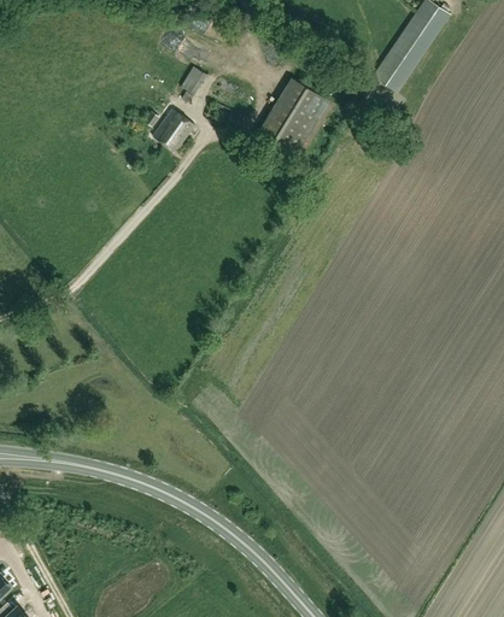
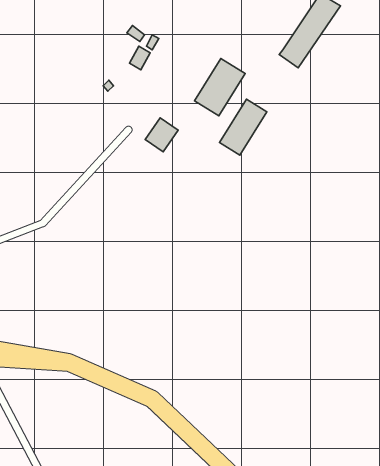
building: [151,108,193,152] -> [145,118,178,152]
building: none -> [219,99,267,155]

